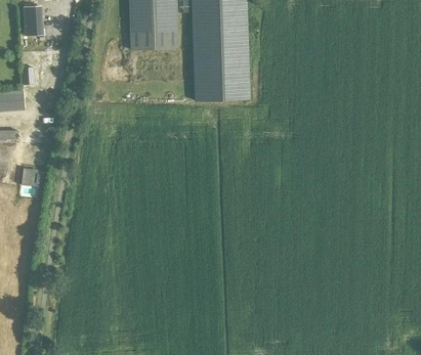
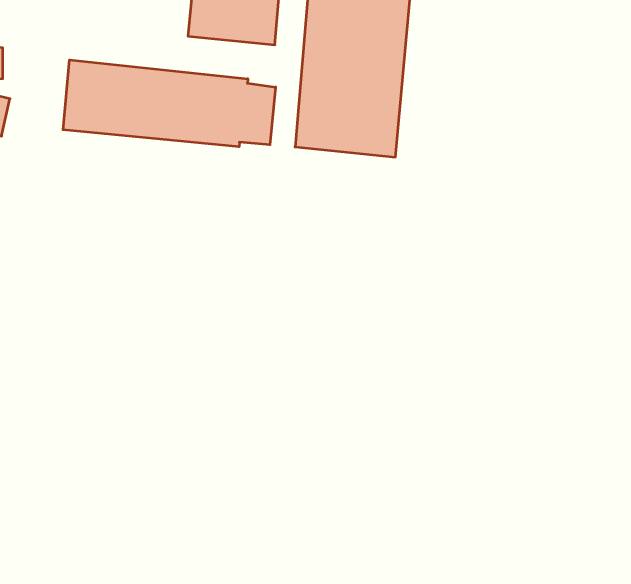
building: none -> [63,60,276,147]

